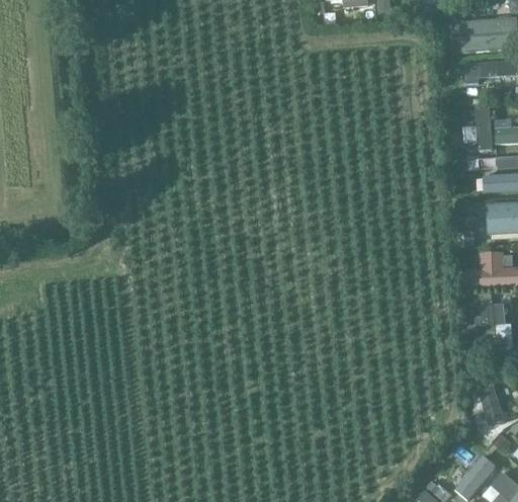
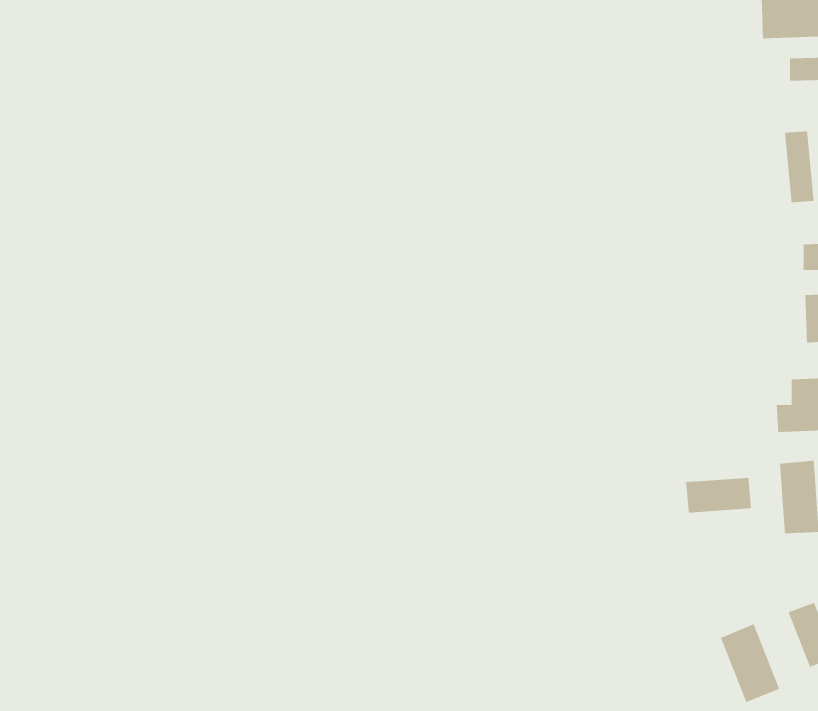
building: none -> [685,477,752,513]
building: none -> [720,623,780,703]

